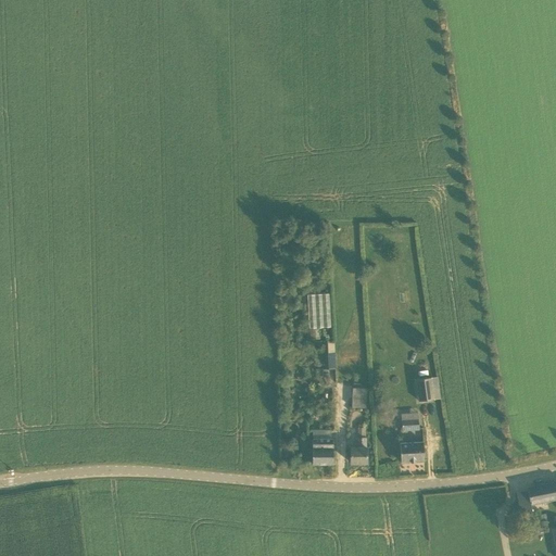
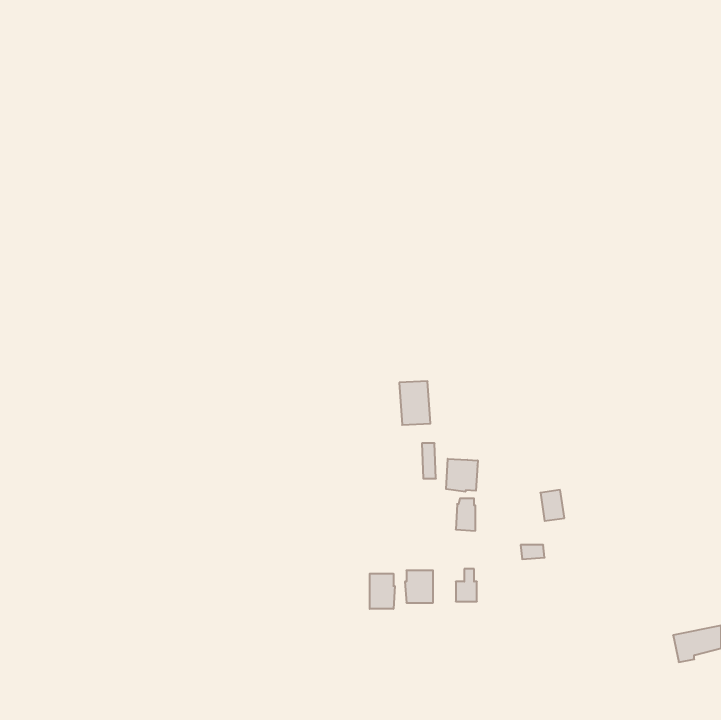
building: none -> [446,459,478,492]
building: [400,442,425,463] -> none
building: none -> [370,574,395,609]

